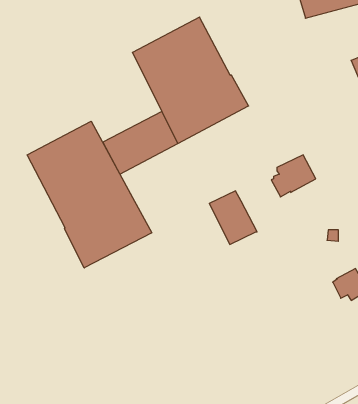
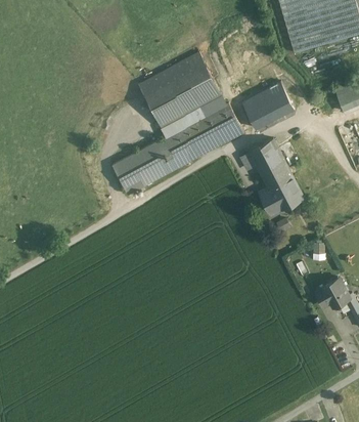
building: none -> [242,83,294,128]
building: [27,121,152,268] -> none
building: [209,191,257,244] -> [250,139,293,187]

